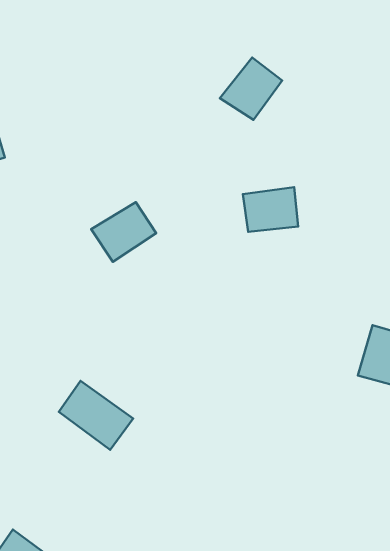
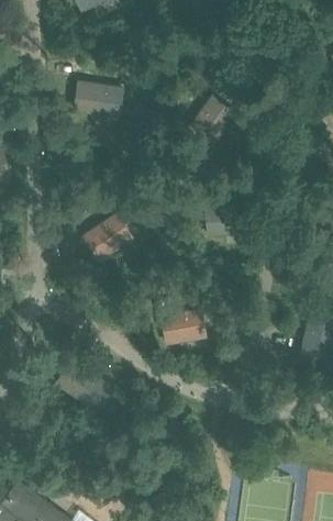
building: none -> [73,80,123,119]
building: none -> [162,308,207,346]

